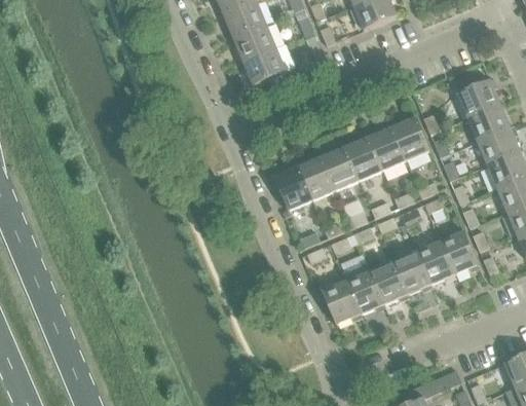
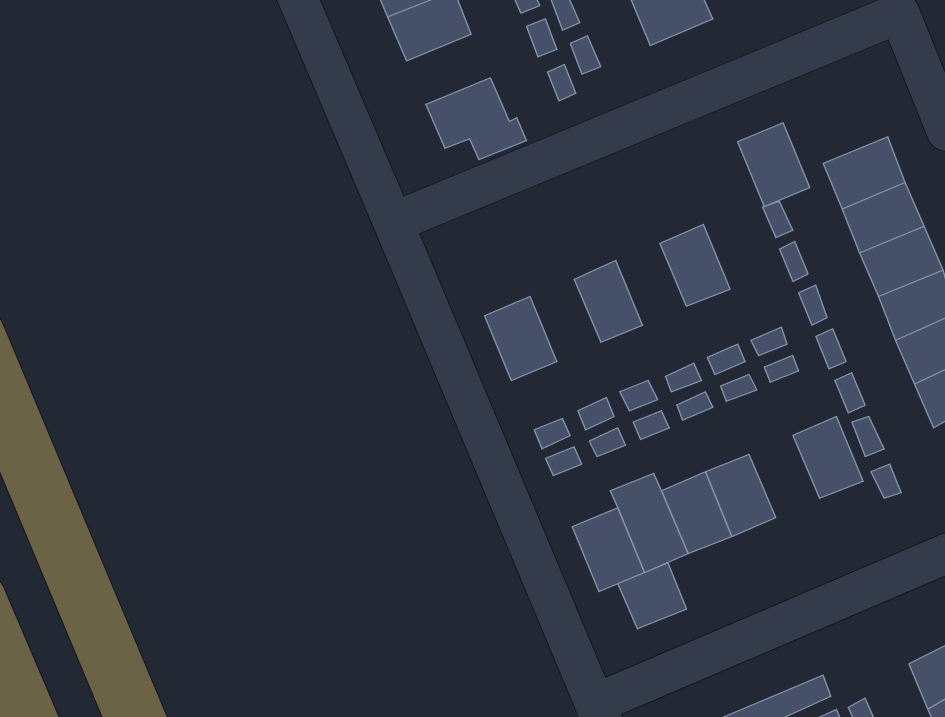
building: [232,24,277,62] -> none
building: [392,116,431,161] -> [738,123,810,207]
building: [345,137,383,181] -> none
building: [299,156,337,200] -> none
building: [417,241,455,285] -> none
building: none -> [618,563,686,629]

